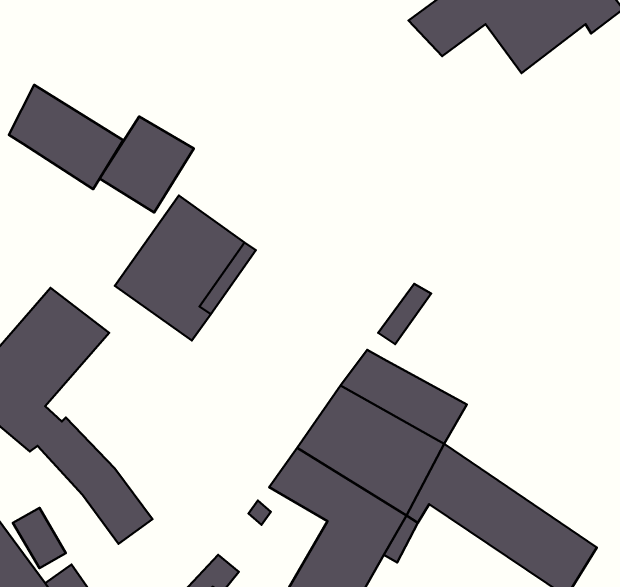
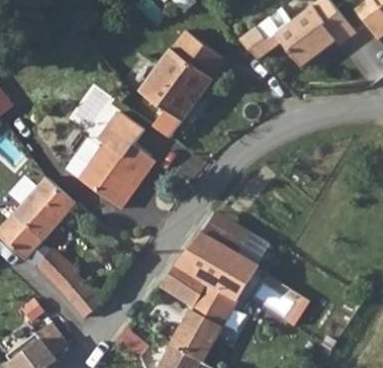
building: none -> [136,30,223,136]
building: [9,85,123,189] -> none

